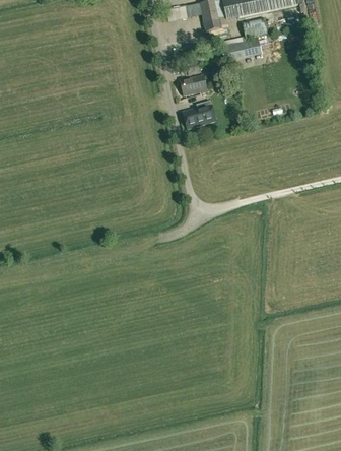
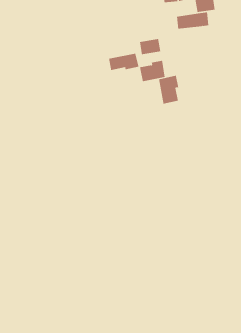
building: none -> [108,53,139,71]
building: none -> [158,75,179,104]

